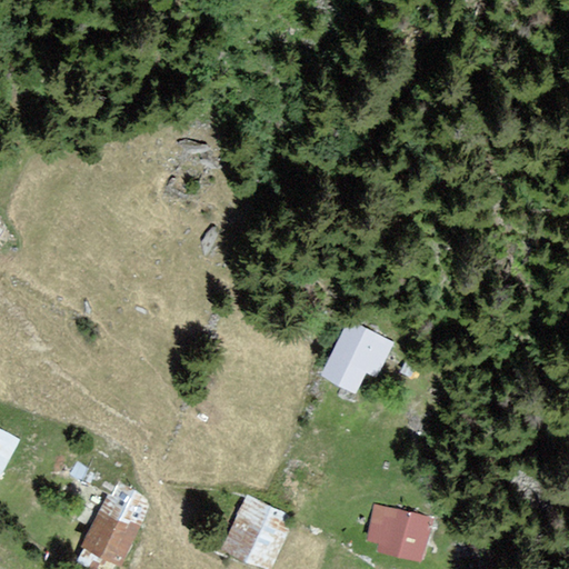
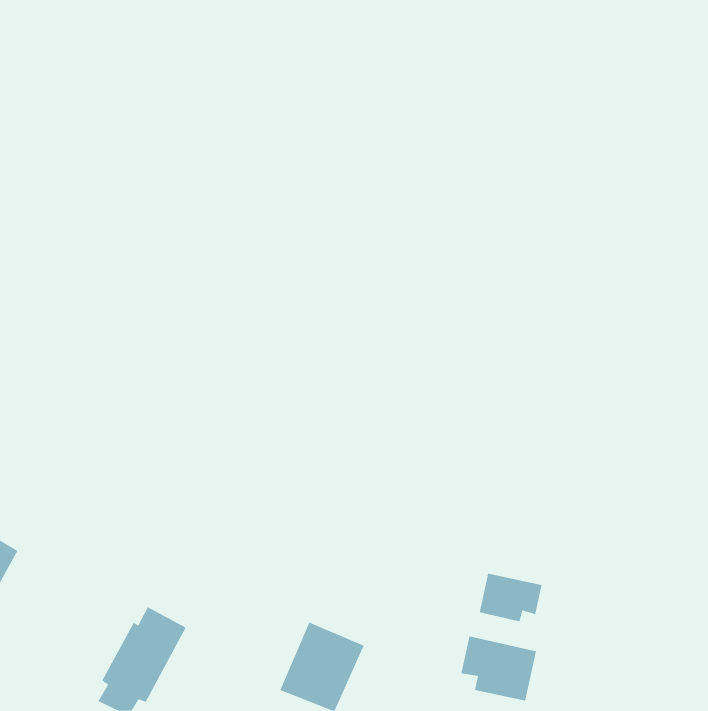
building: [318,321,389,392] -> none
building: none -> [479,573,542,622]

